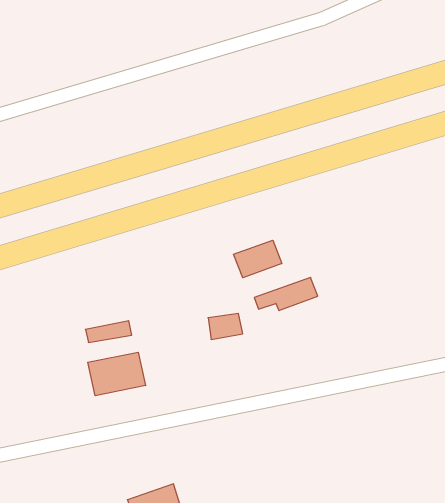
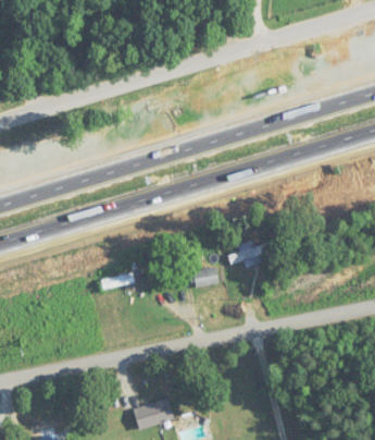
building: [234,240,282,278] -> none
building: [88,352,146,396] -> none

